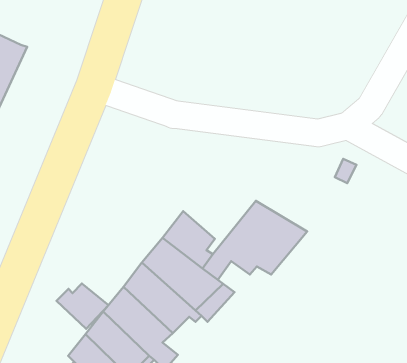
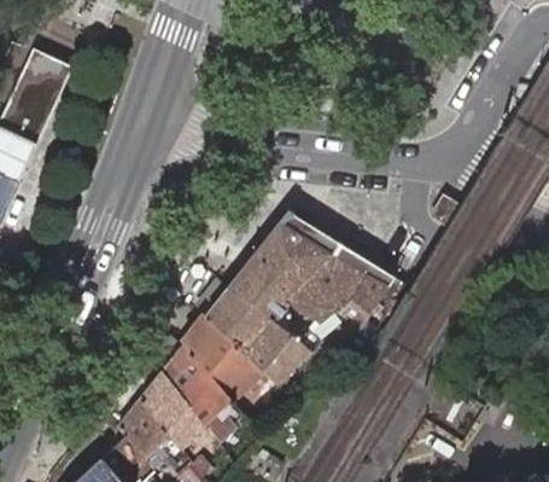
building: none -> [255,210,340,304]
building: [56,284,108,329] -> none

